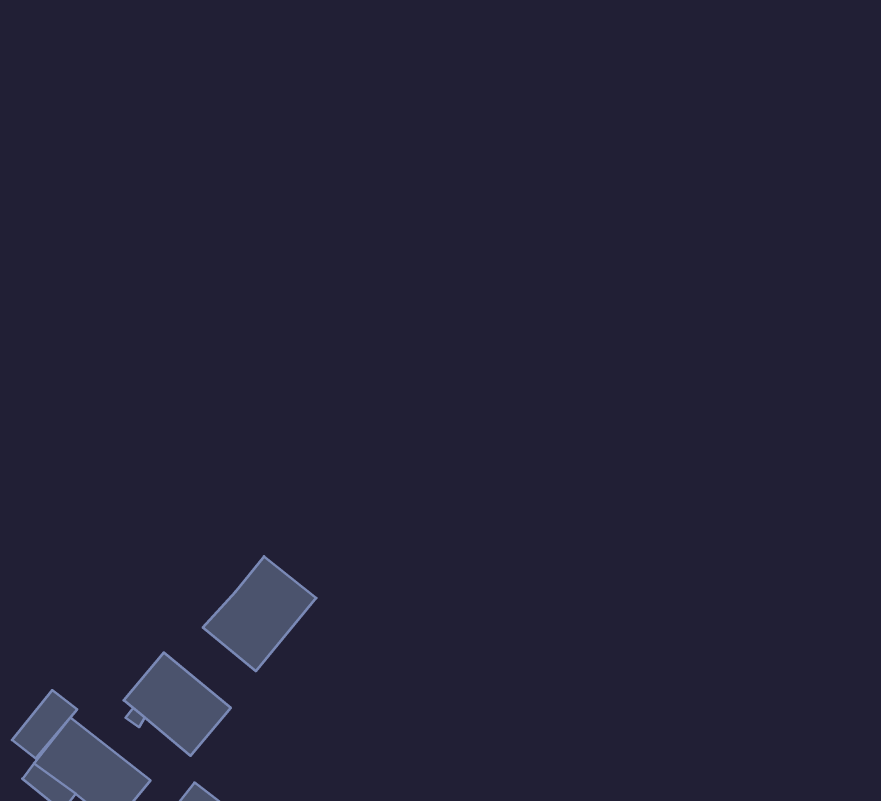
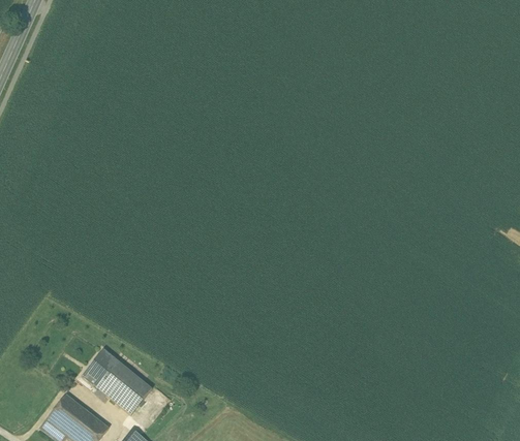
building: [203,556,316,671] -> none
building: [12,690,77,759] -> [82,348,117,385]

